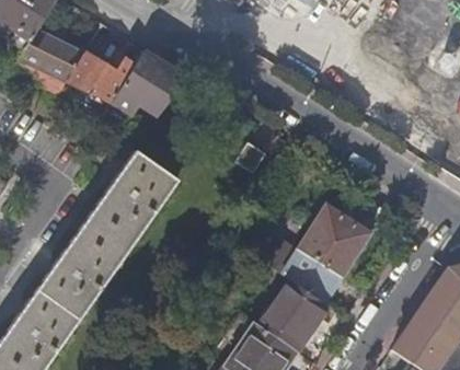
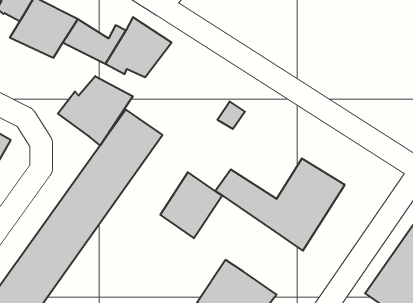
building: none -> [58,76,133,146]
building: [263,278,330,349] -> [160,172,222,238]

